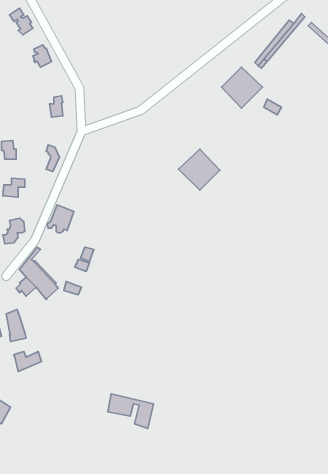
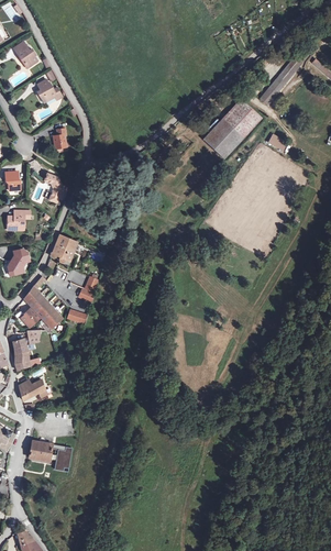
building: [179,149,220,190] -> [202,120,243,161]
building: [108,394,154,428] -> [26,439,71,473]

